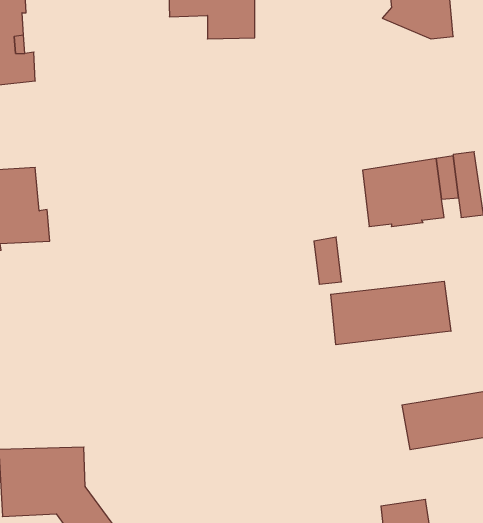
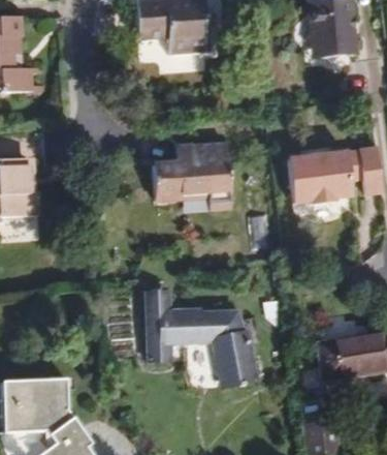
building: none -> [152,145,230,210]
building: [331,281,451,345] -> none
building: none -> [146,292,257,386]

